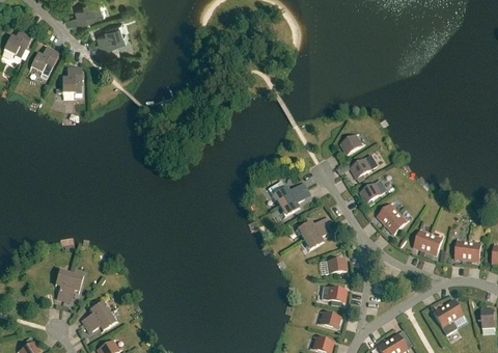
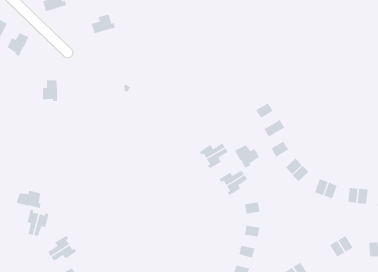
building: [96,24,128,49] -> [91,14,116,34]
building: [62,70,82,97] -> [42,80,58,102]
building: none -> [234,144,260,169]
building: none -> [16,190,41,209]

